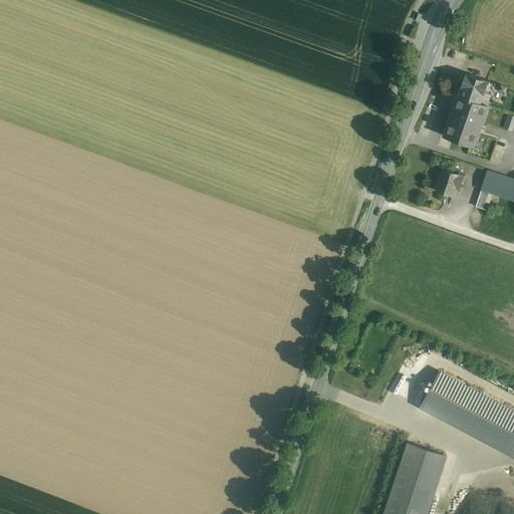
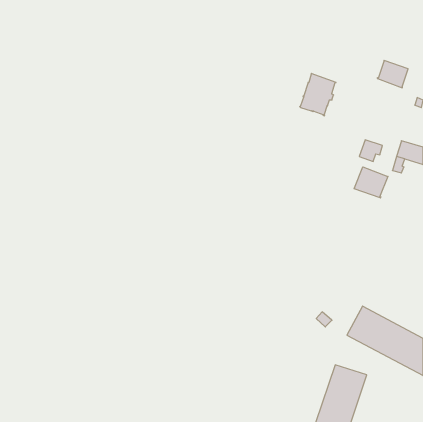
building: [444,96,488,148] -> [300,73,336,116]
building: none -> [354,167,388,198]

